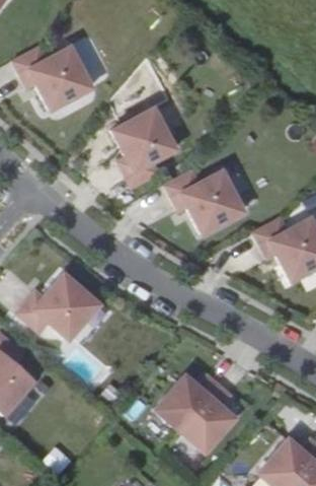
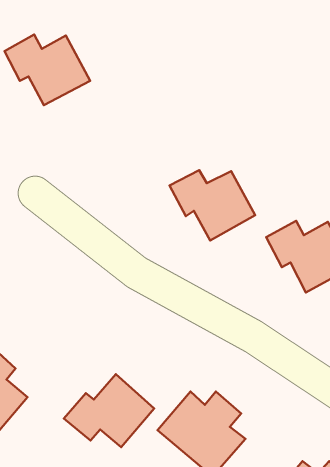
building: [112,108,177,189] -> none
building: [17,273,100,340] -> [64,374,154,447]

